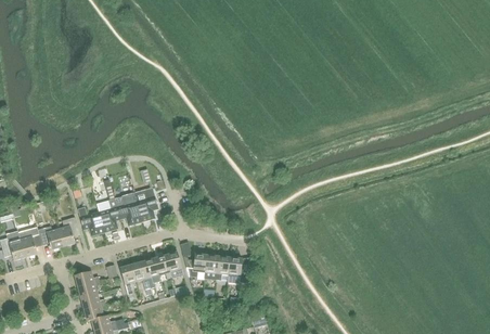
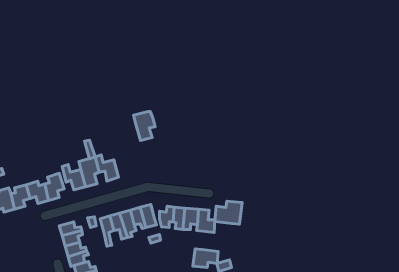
building: [133,188,157,220] -> [134,111,155,141]
building: none -> [215,201,242,224]
building: none -> [193,249,218,267]

